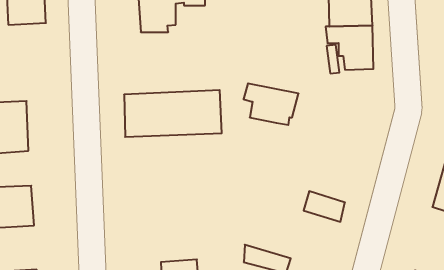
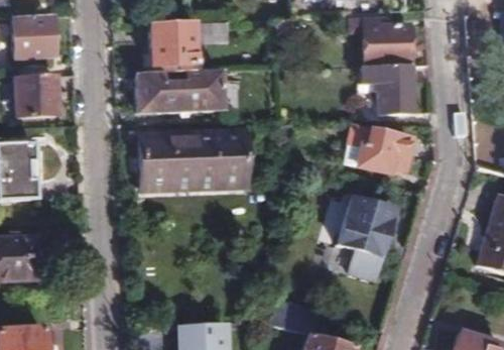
building: none -> [135,68,229,111]
building: none -> [14,75,58,119]
building: [243,83,299,125] -> [355,128,415,173]
building: none -> [344,198,396,256]

